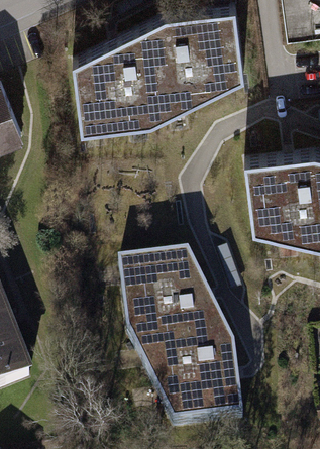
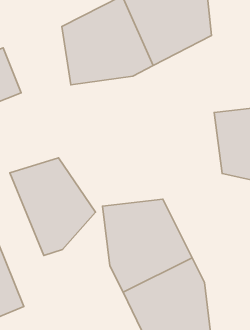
building: none -> [10,158,95,256]

